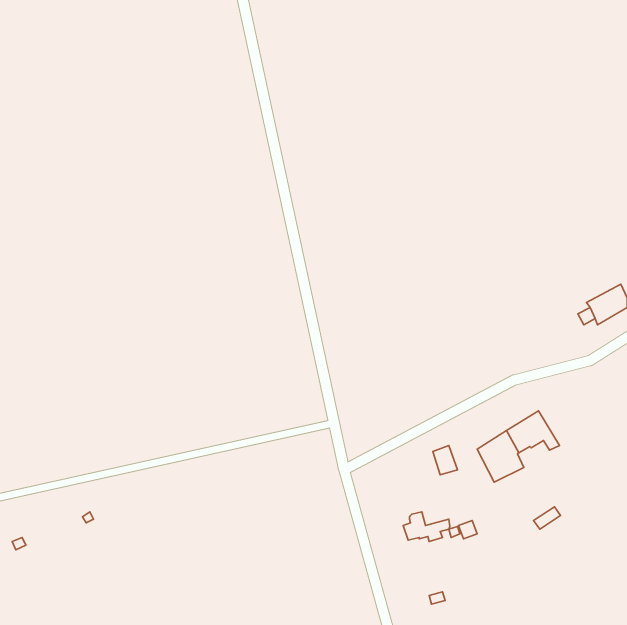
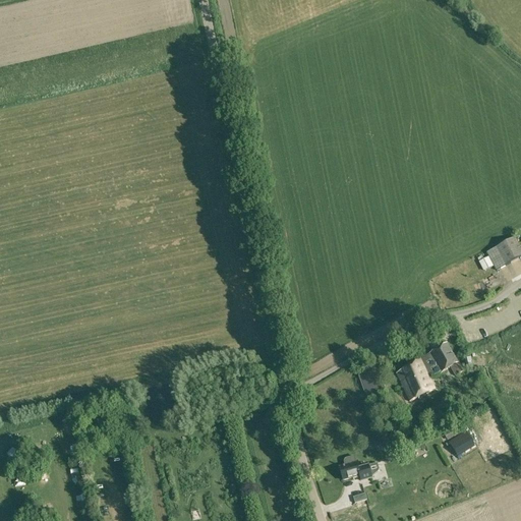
building: [403,512,450,541] -> [339,454,378,478]
building: none -> [448,428,475,454]

